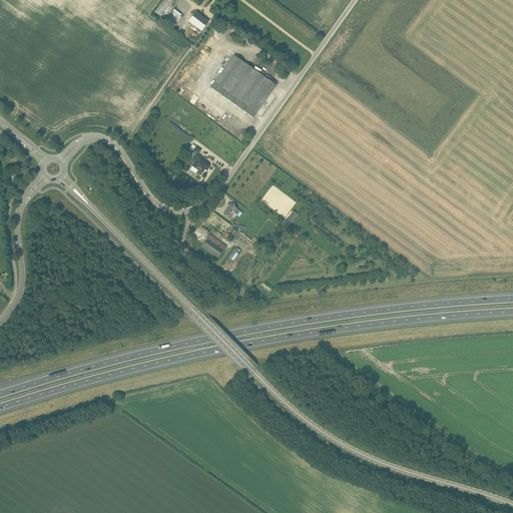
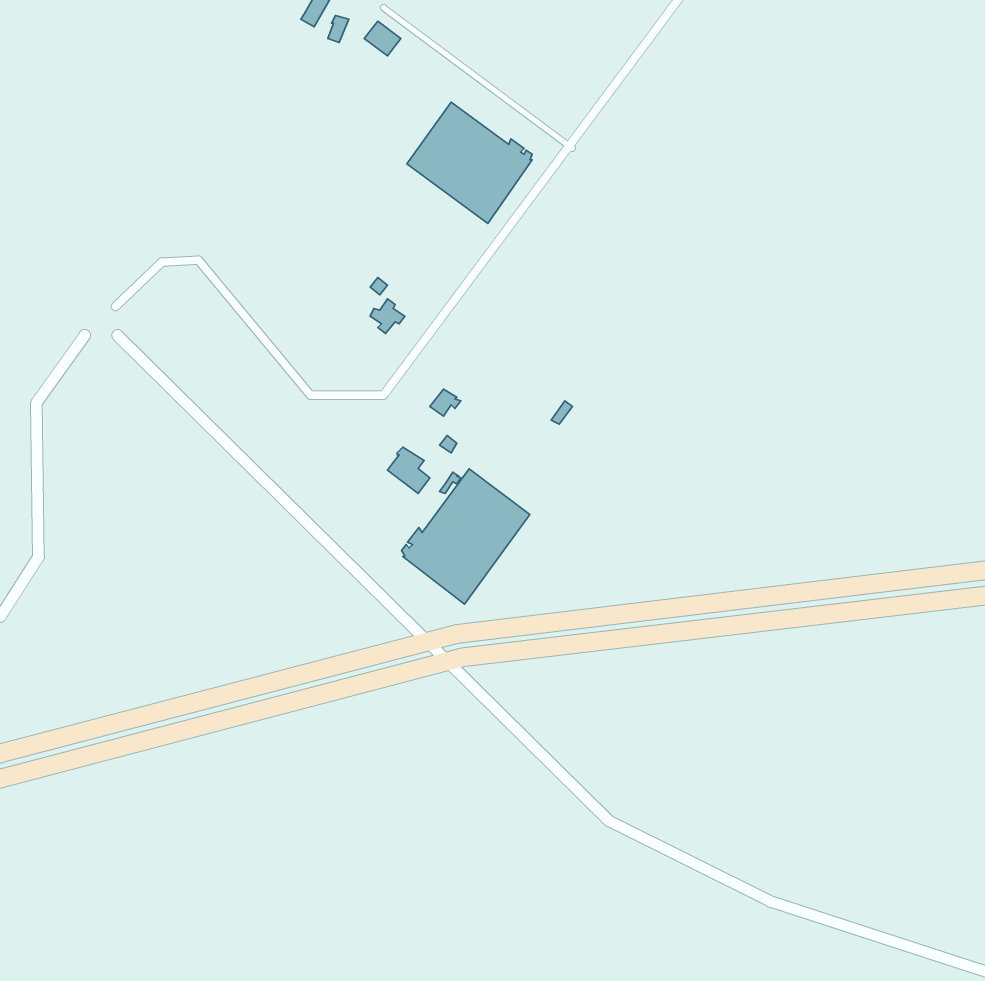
building: none -> [401,469,530,604]

